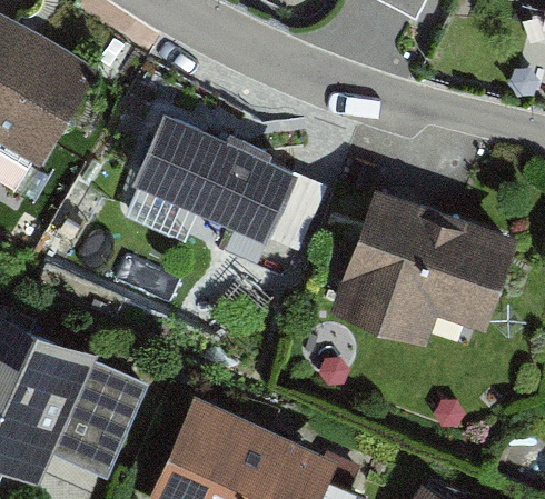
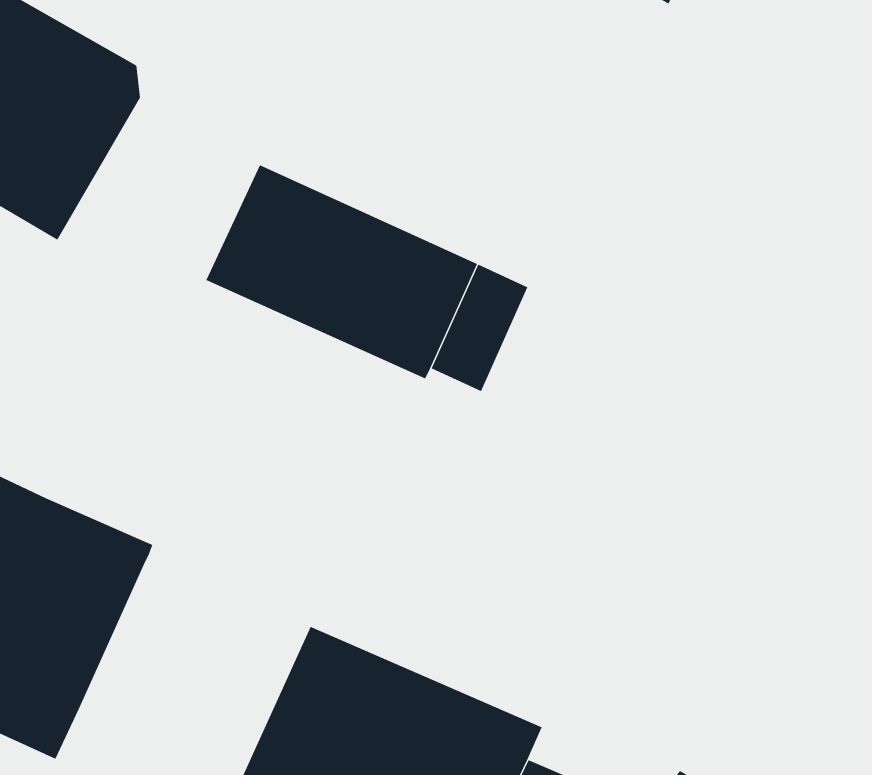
building: [330,186,516,346] -> none
building: [50,361,149,481] -> none

